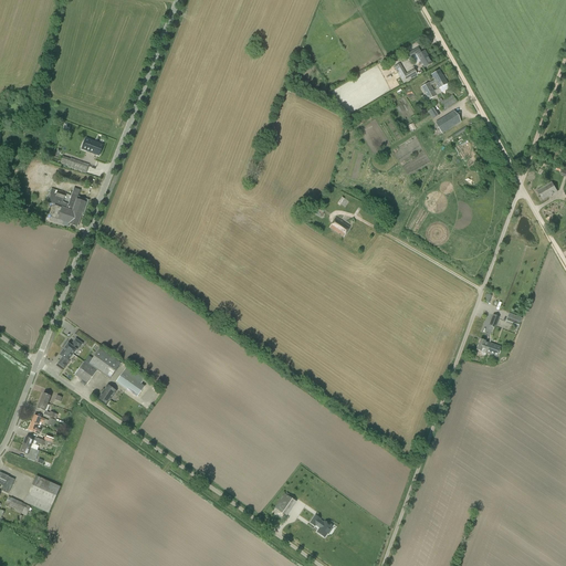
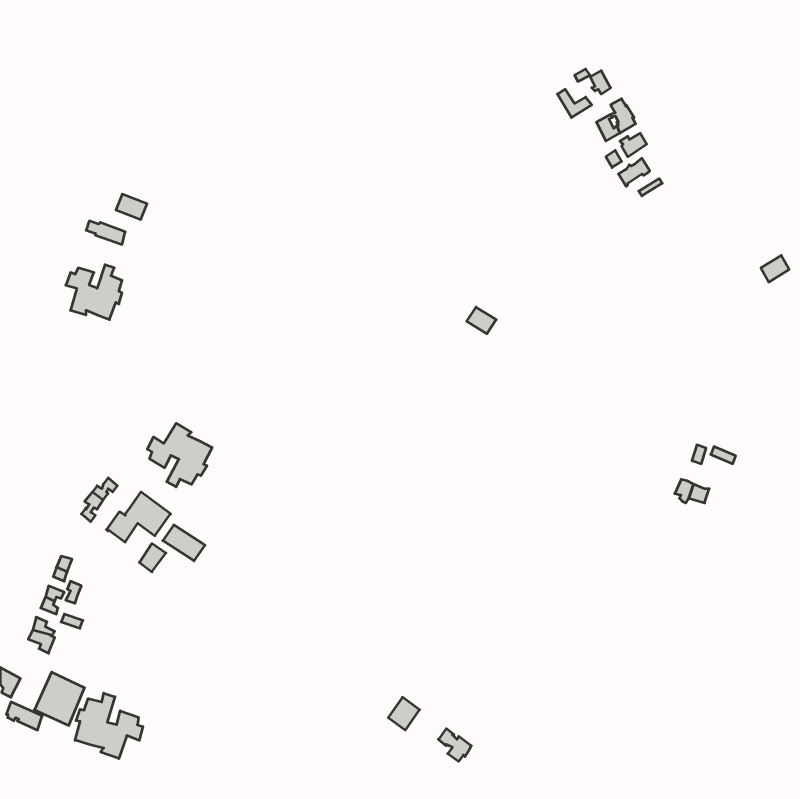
building: none -> [147,423,212,487]
building: none -> [75,693,143,759]

